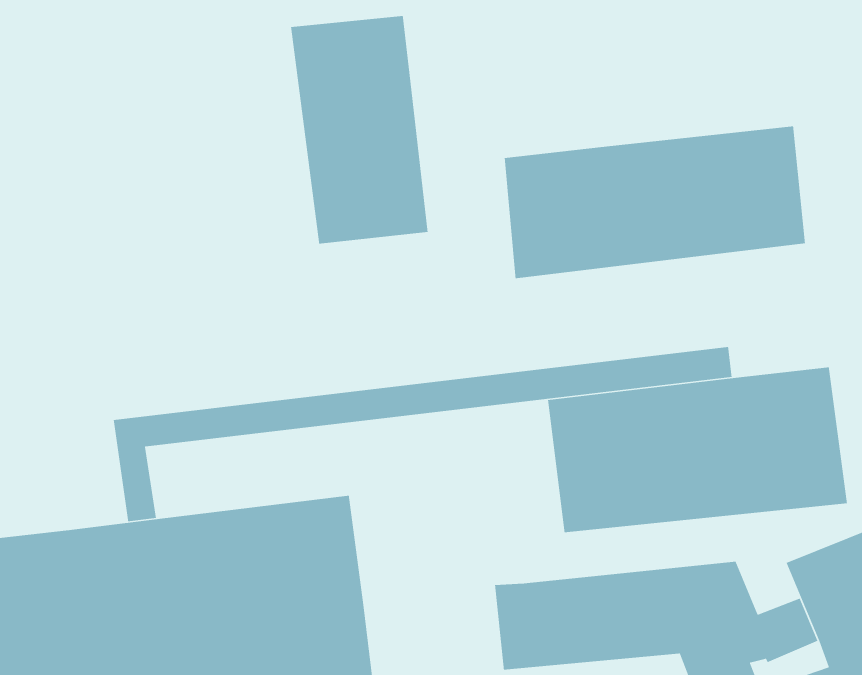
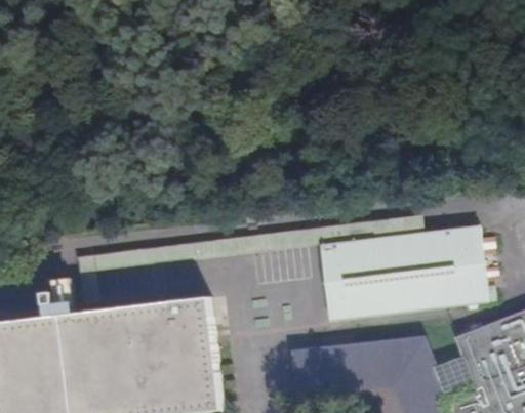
building: [290,15,428,245] -> none
building: [504,126,806,279] -> none

